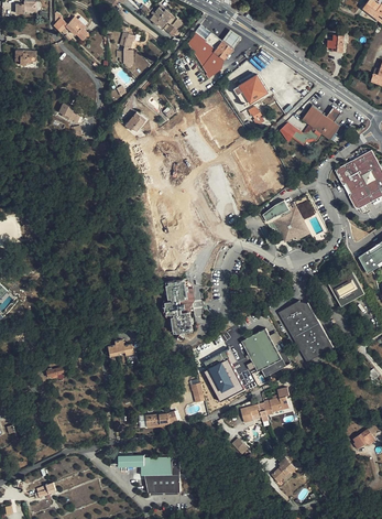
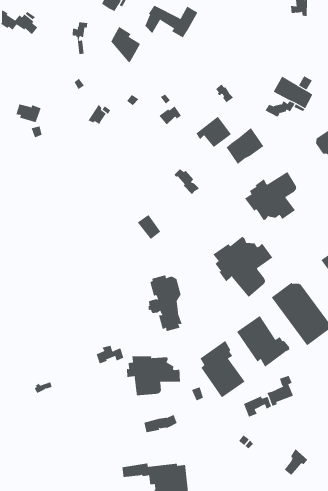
building: [194,41,222,77] -> [110,26,141,64]
building: [233,74,268,104] -> [195,116,232,148]
building: none -> [226,127,264,165]
building: none -> [213,236,273,298]
building: none -> [127,355,180,396]

